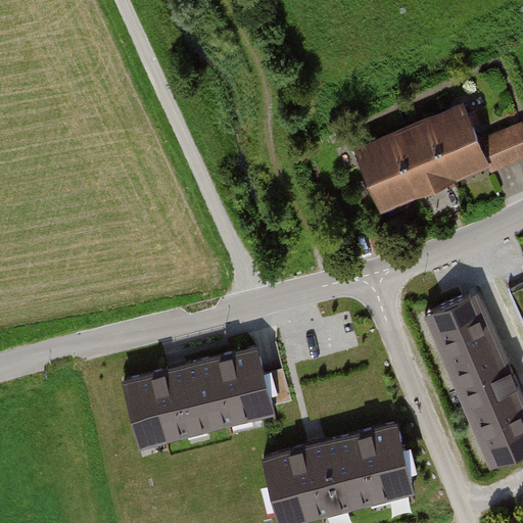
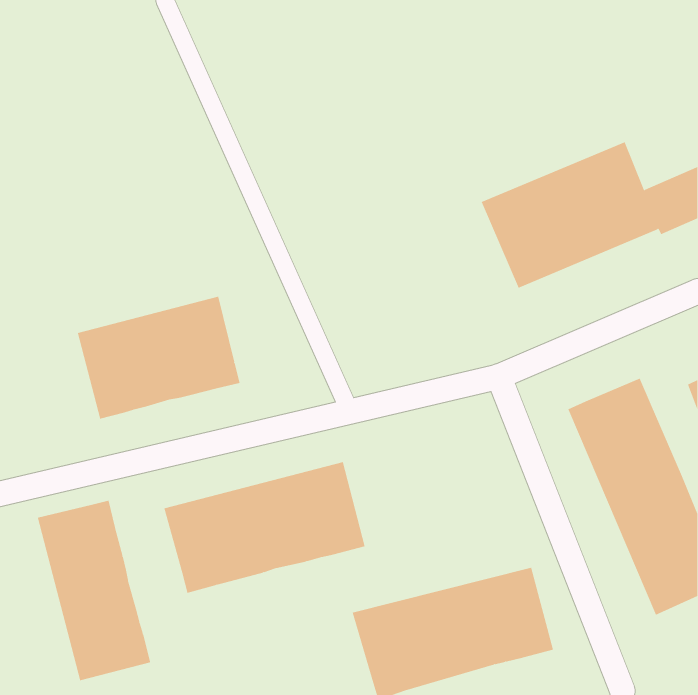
building: none -> [77,296,240,419]
building: none -> [37,500,151,681]

